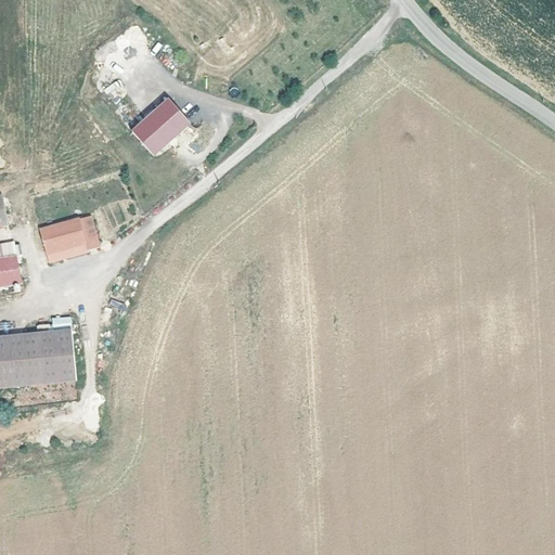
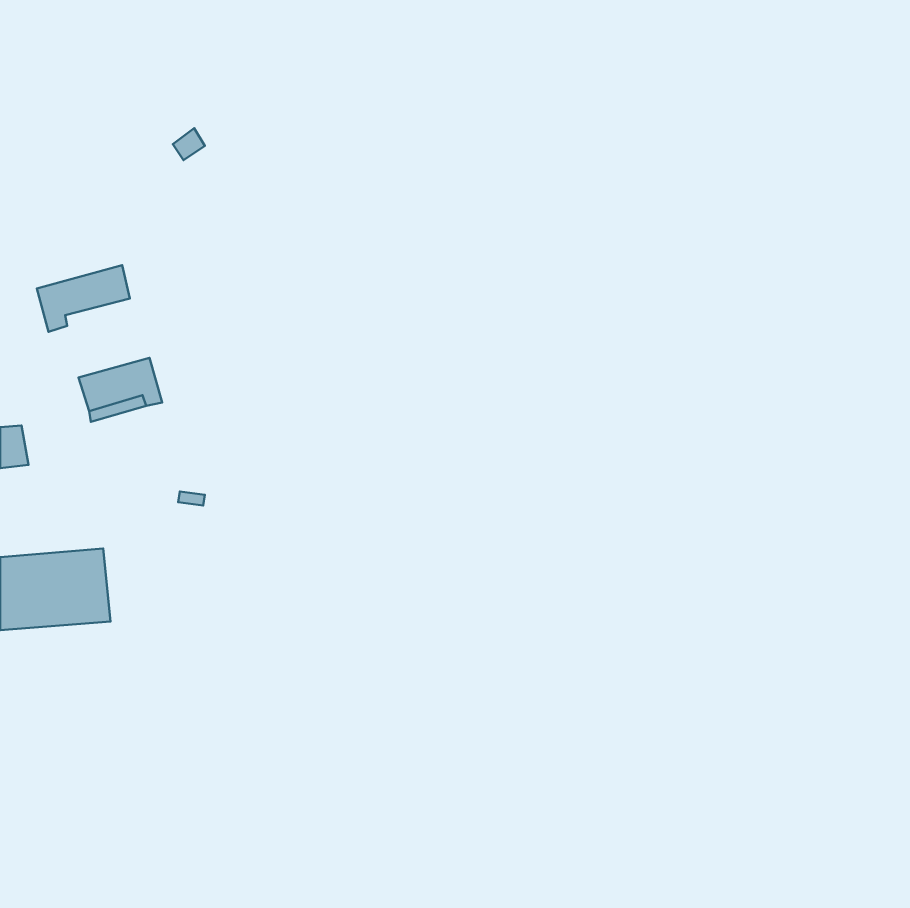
building: [131,96,191,155] -> none
building: none -> [37,265,130,332]

